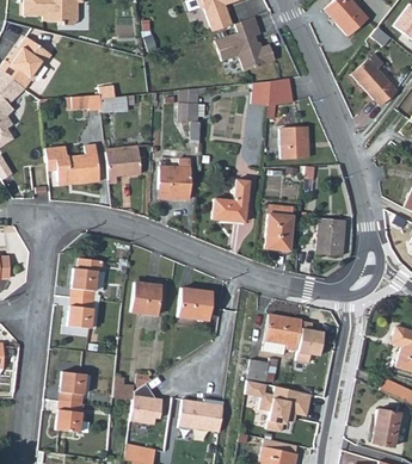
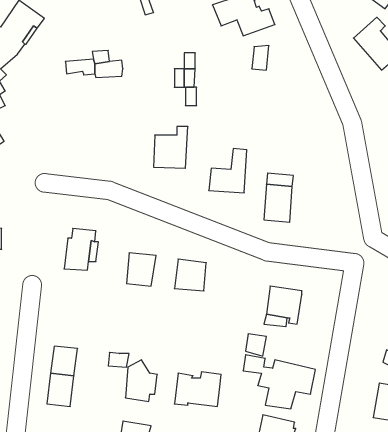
building: [268,78,293,104] -> none
building: [279,126,310,160] -> none
building: [45,143,99,182] -> none
building: [105,148,141,175] -> none
building: [316,218,345,255] -> none
building: [67,297,93,328] -> none
building: [296,322,324,364] -> none

